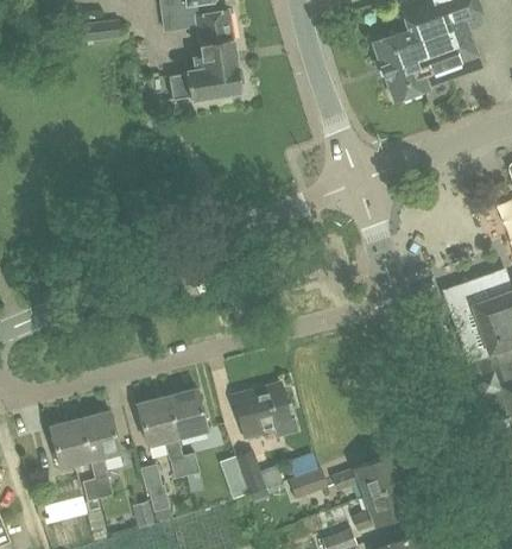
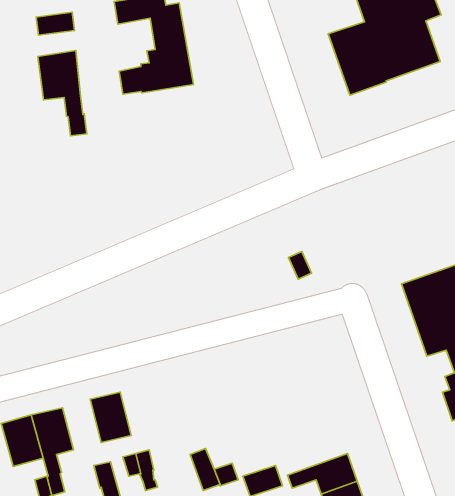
building: none -> [38,51,87,136]
building: [233,383,296,438] -> none
building: [166,387,207,437] -> none

